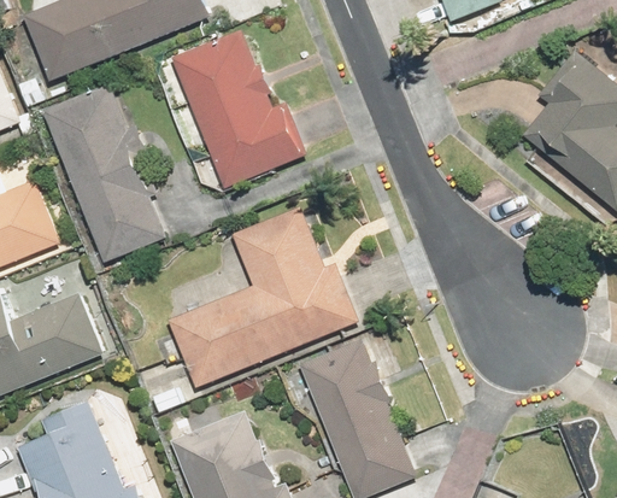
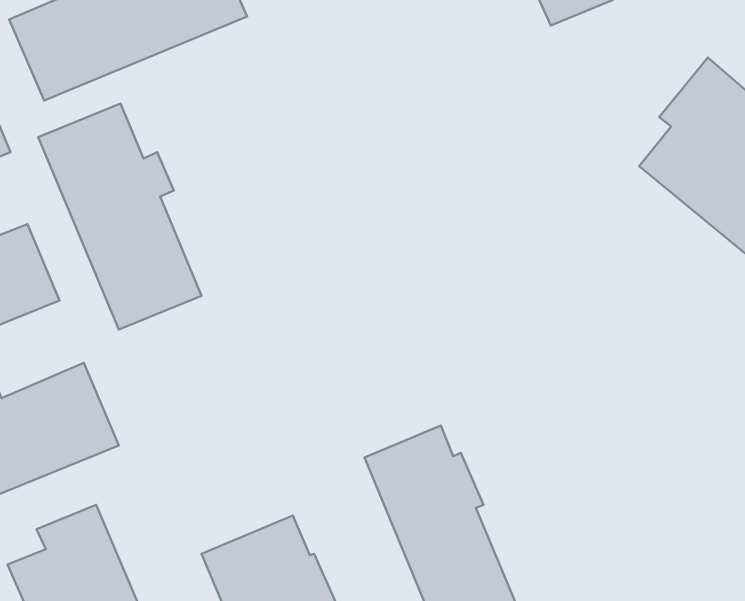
building: [171,29,307,189] -> none
building: [169,206,359,388] -> none

